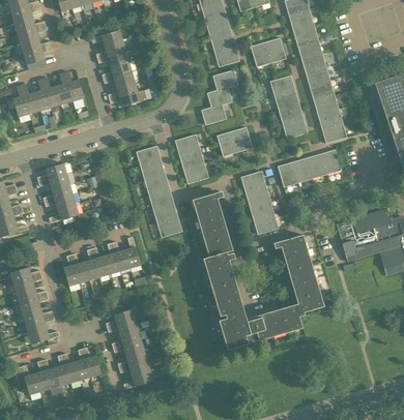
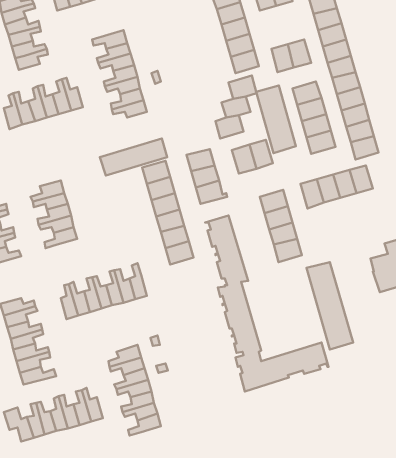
building: none -> [256,86,296,153]
building: none -> [100,138,167,175]

